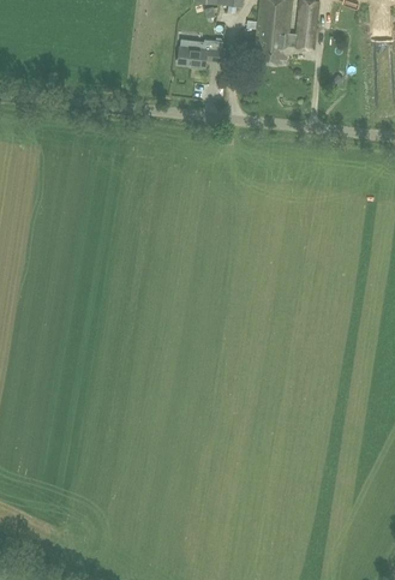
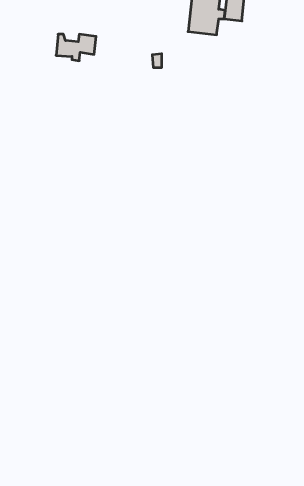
building: [178,37,223,67] -> [56,34,96,61]

